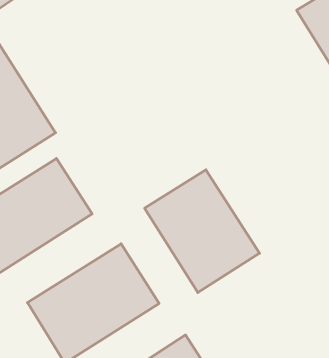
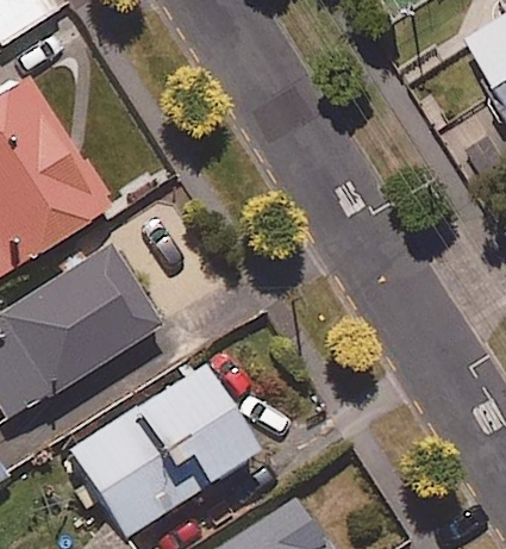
building: [145,170,260,293] -> none

